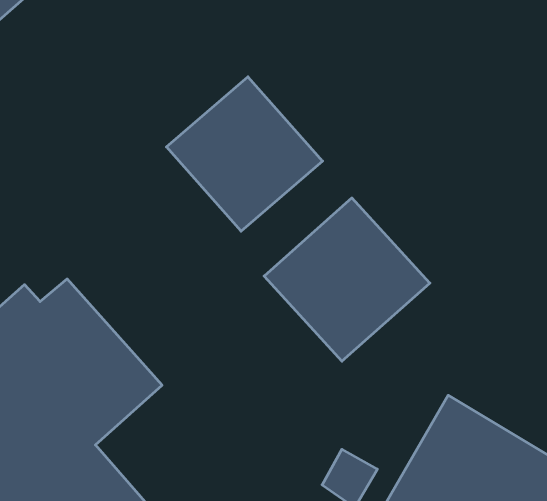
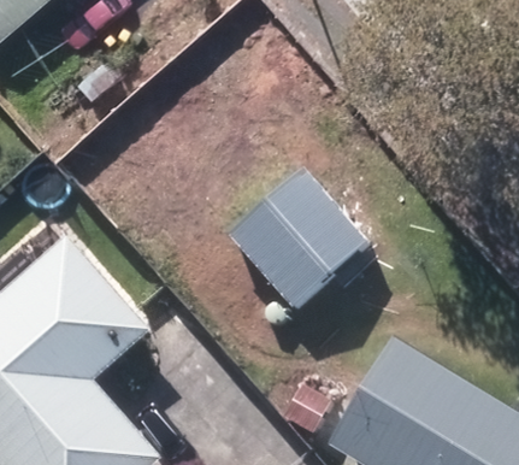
building: [166,77,323,231] -> none

